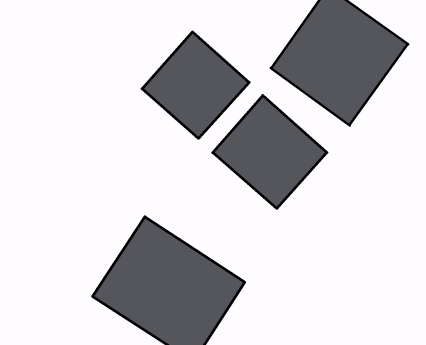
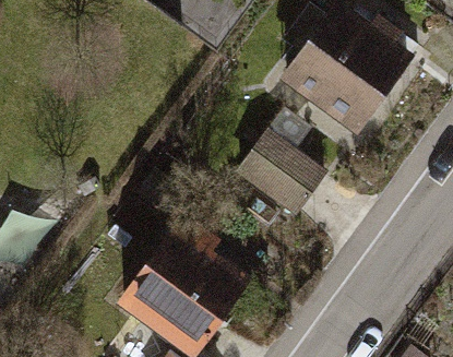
building: [142,32,249,138] -> none

